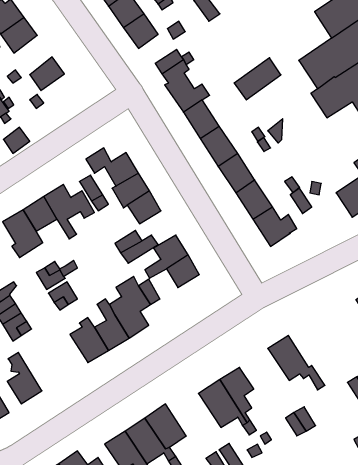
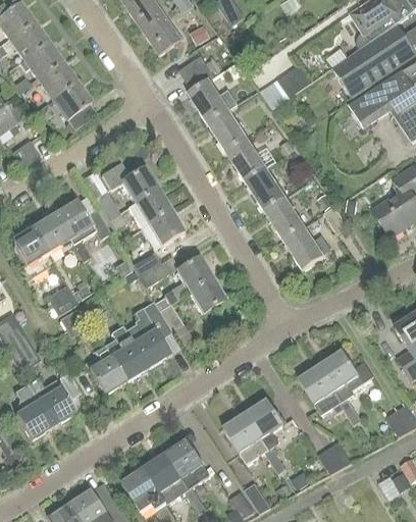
building: none -> [22,39,64,82]
building: none -> [52,81,92,118]
building: none -> [321,351,374,400]
building: none -> [28,376,74,425]

